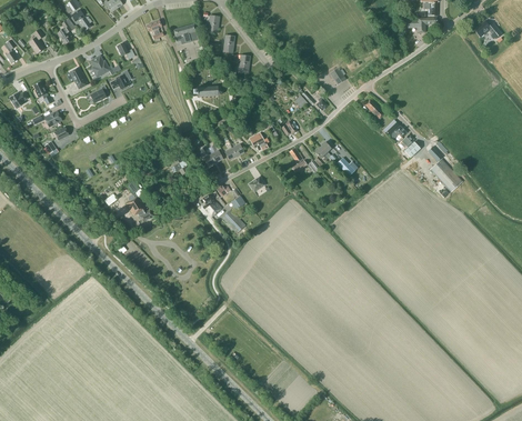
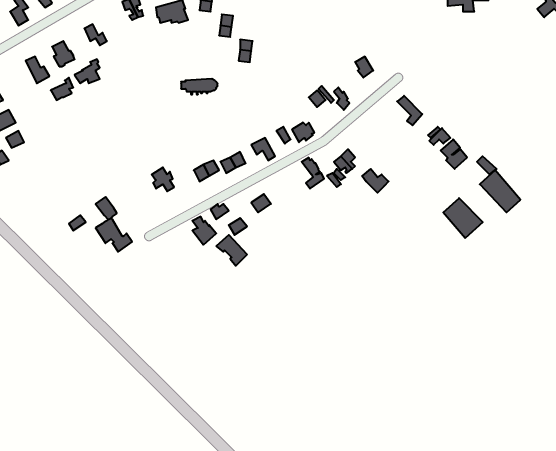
building: none -> [443,198,483,238]

